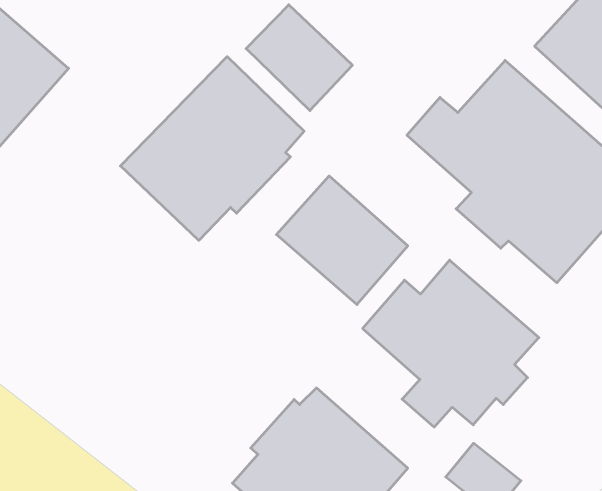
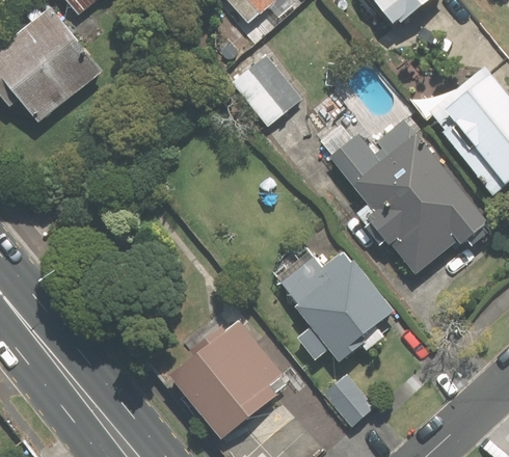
building: [120,57,304,240] -> none
building: [276,176,408,305] -> none

